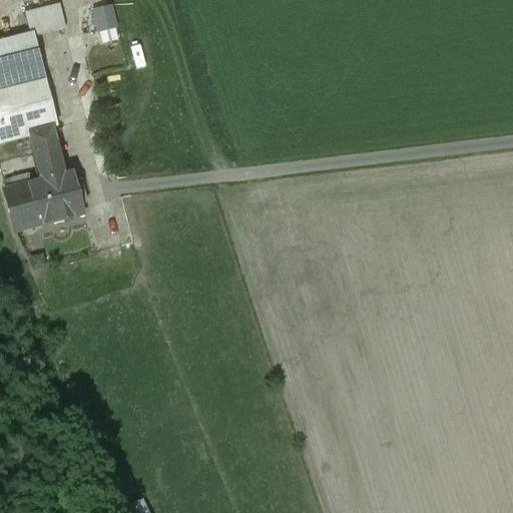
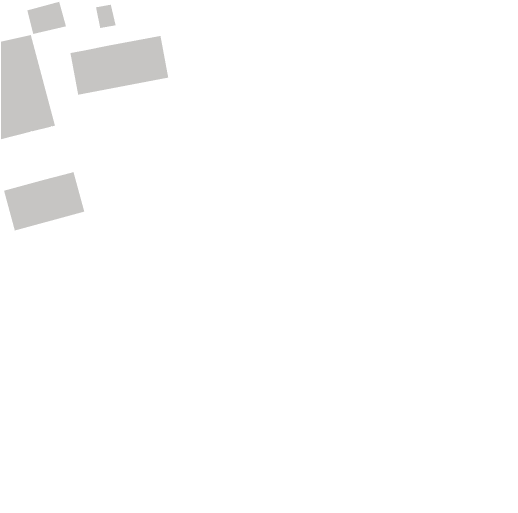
building: none -> [70,35,169,95]
building: [31,125,62,177] -> none

